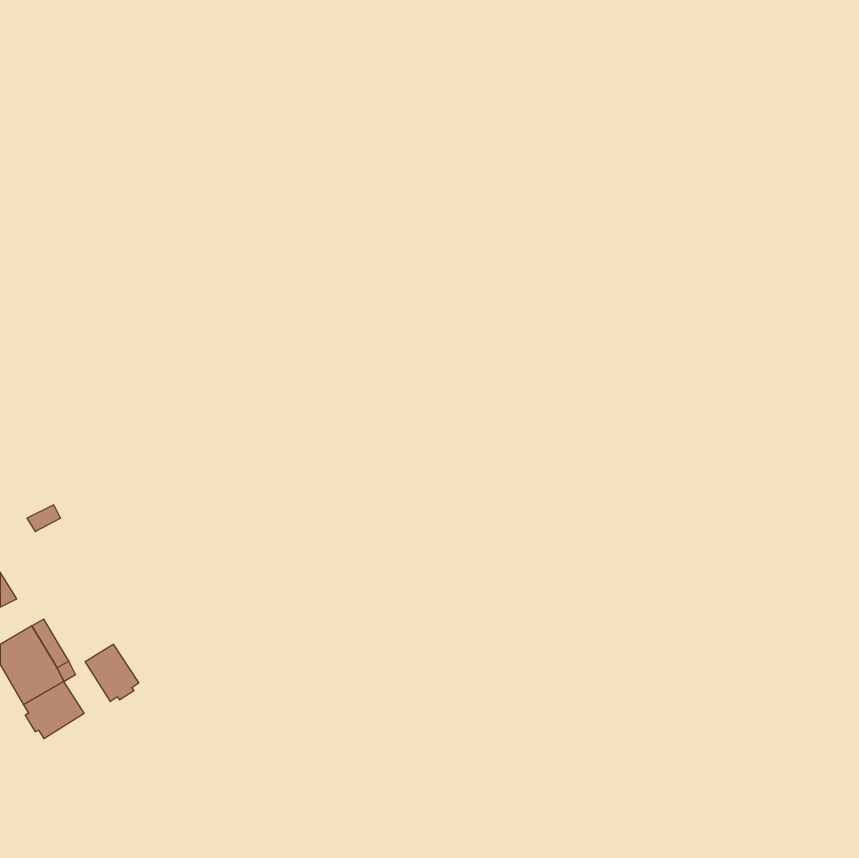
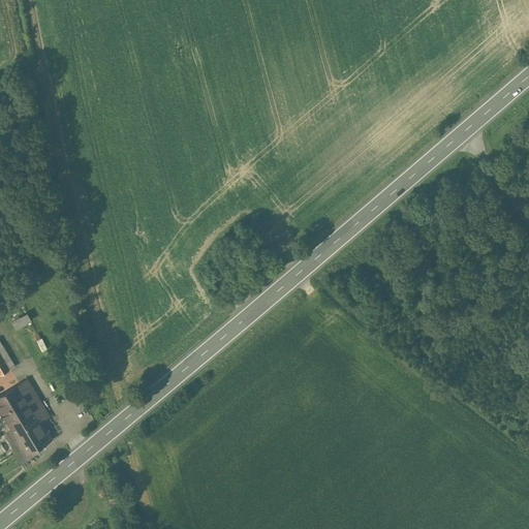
building: [85,644,139,702] -> none

